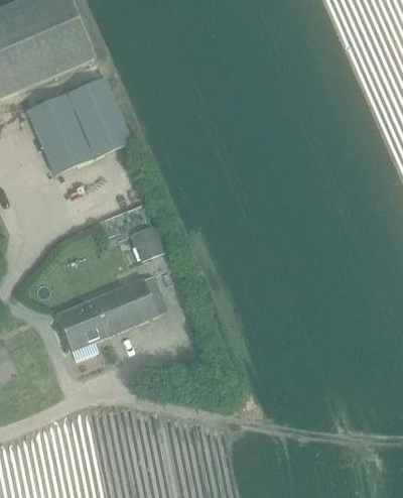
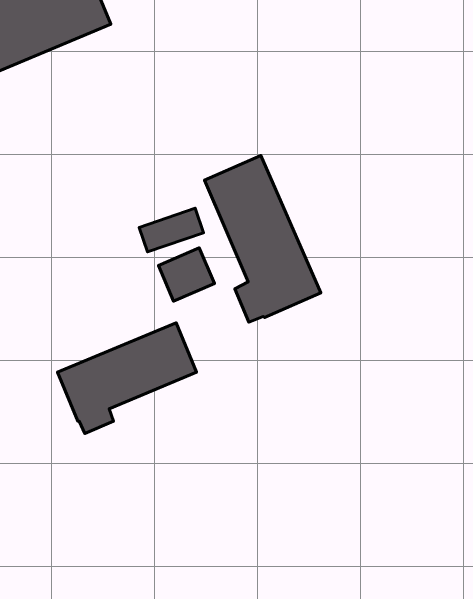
building: [26,77,128,173] -> none
building: none -> [205,156,321,322]

